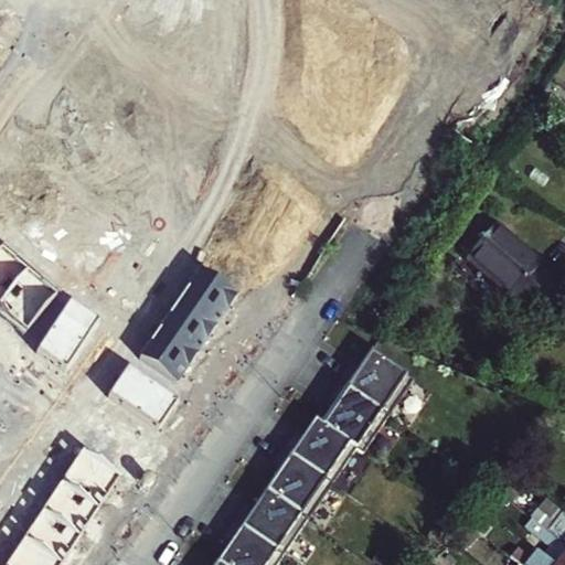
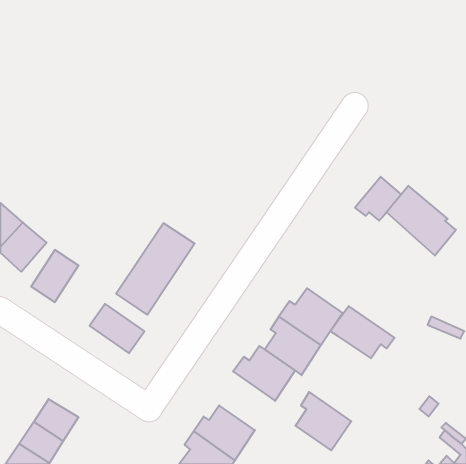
building: none -> [355,177,401,221]
building: none -> [330,306,395,358]
building: [266,448,333,519] -> [295,392,351,450]
building: [60,451,115,503] -> none

